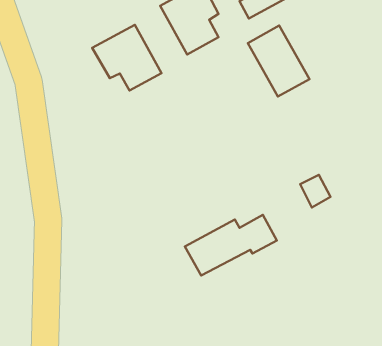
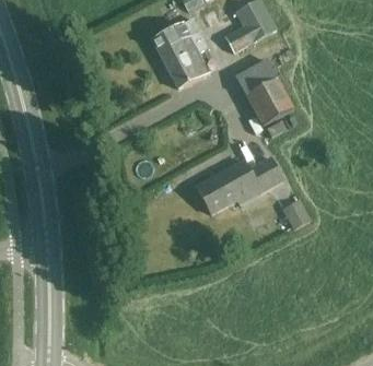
building: [92,25,161,91] -> none
building: [185,215,277,276] -> [197,158,283,215]

